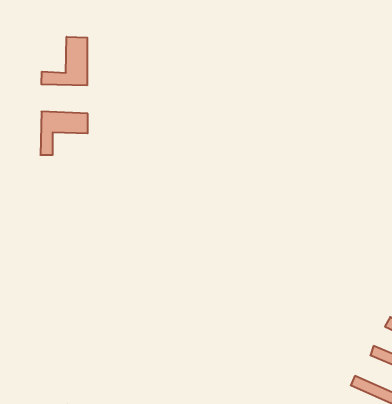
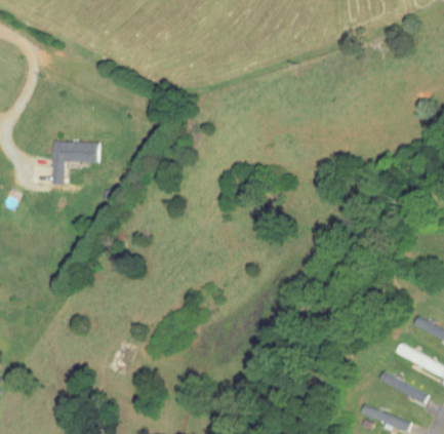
building: [41,37,87,85] -> none

